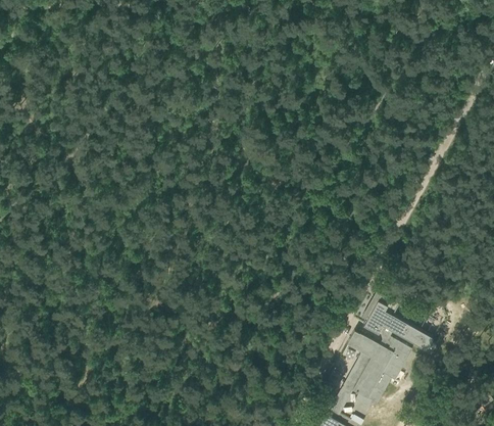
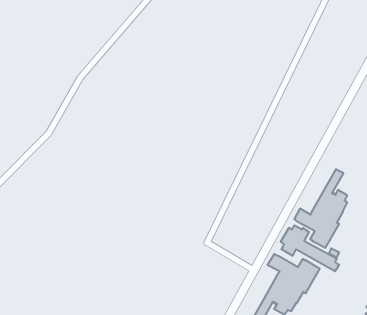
building: none -> [294,169,347,248]

